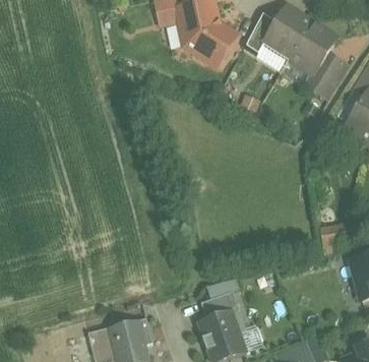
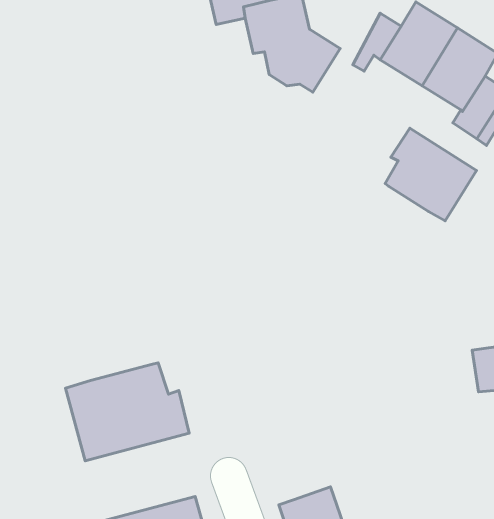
building: none -> [385,128,476,221]
building: none -> [65,363,189,461]
building: [202,293,237,319] -> none

